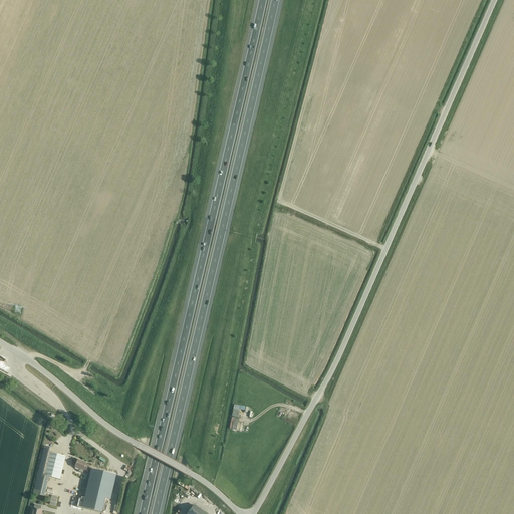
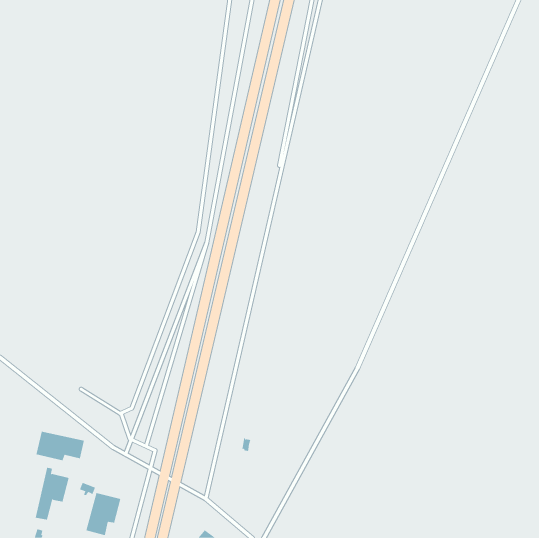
building: none -> [36,431,84,461]

